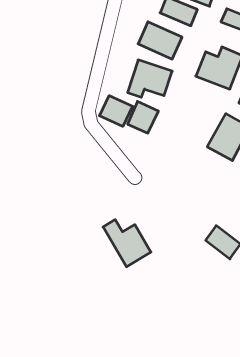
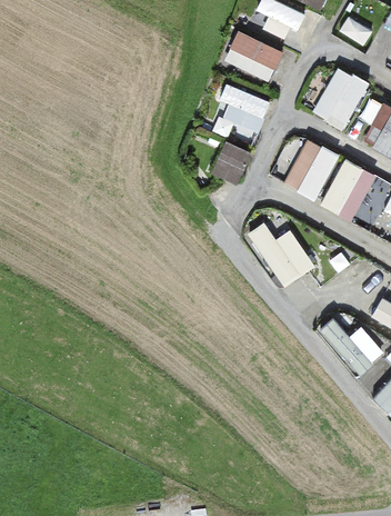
building: [99,96,133,126] -> none
building: none -> [273,137,339,200]
building: [103,220,151,267] -> [249,224,314,288]

